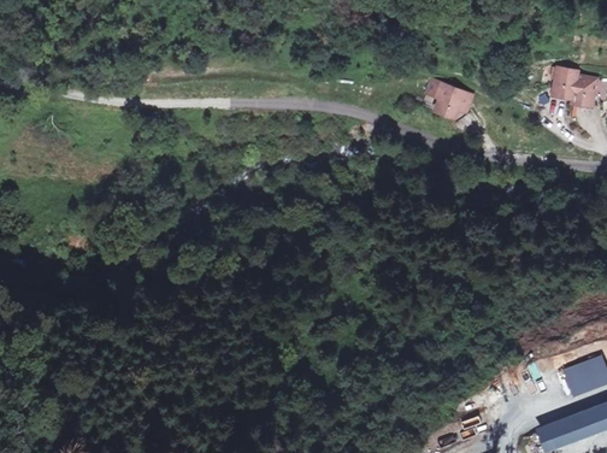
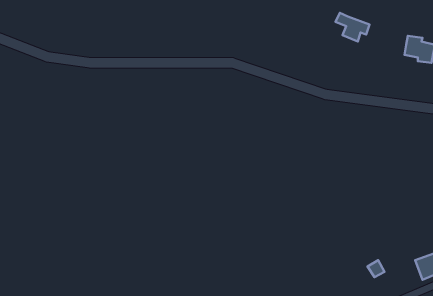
building: [429,81,475,119] -> [335,13,370,42]

